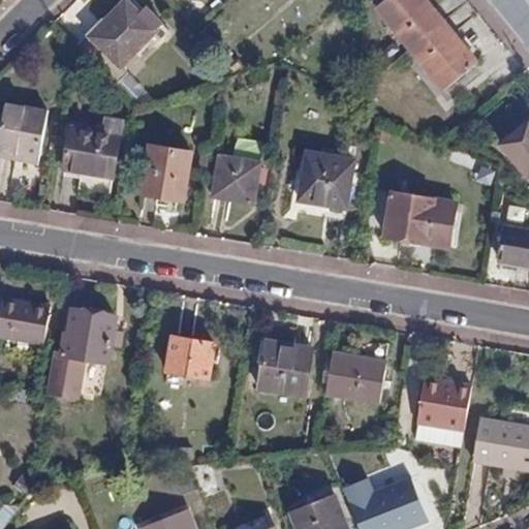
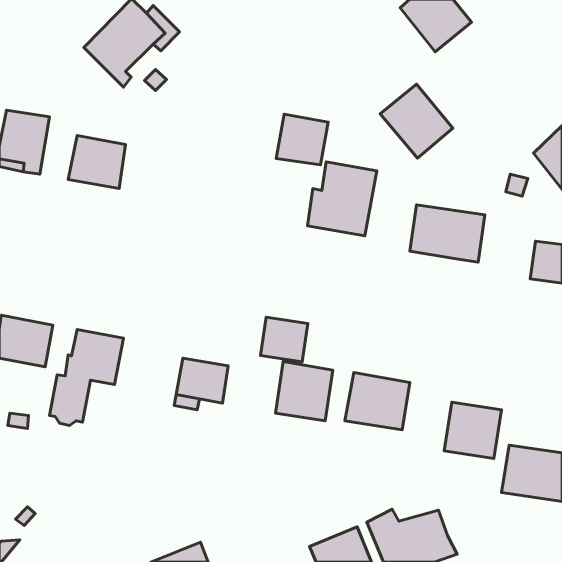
building: [408,21,476,90] -> [380,84,453,158]
building: [141,146,192,200] -> none
building: [212,156,260,204] -> [276,114,328,165]
building: none -> [260,317,308,362]

